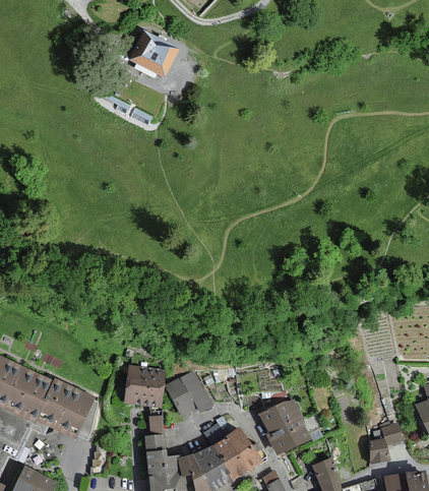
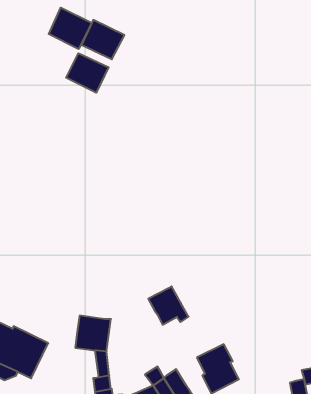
building: none -> [49,8,92,49]
building: none -> [66,53,109,93]
building: [167,371,212,415] -> [148,286,189,325]

